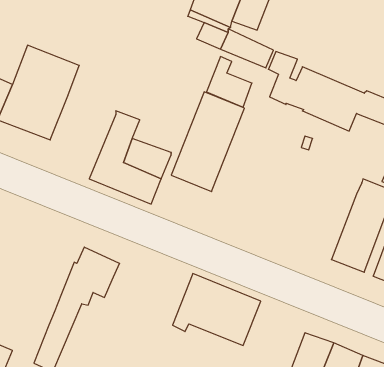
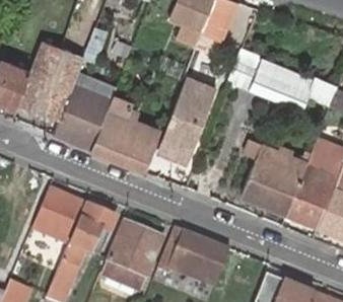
building: none -> [55,83,114,150]
building: none -> [242,140,312,215]
building: none -> [26,190,85,257]
building: none -> [104,221,163,291]

